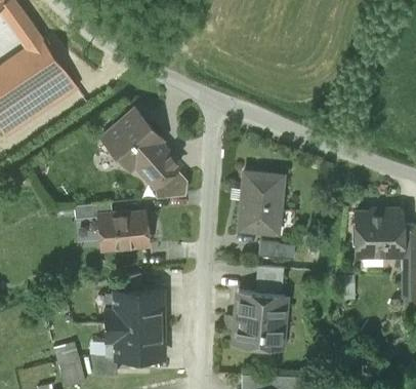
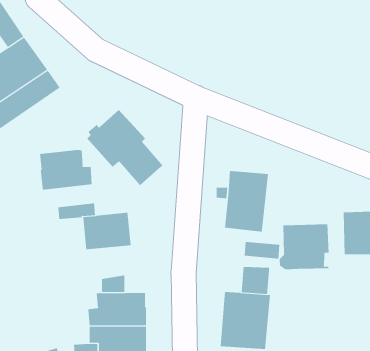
building: none -> [39,149,92,190]
building: [156,170,185,200] -> none
building: none -> [279,224,329,270]

